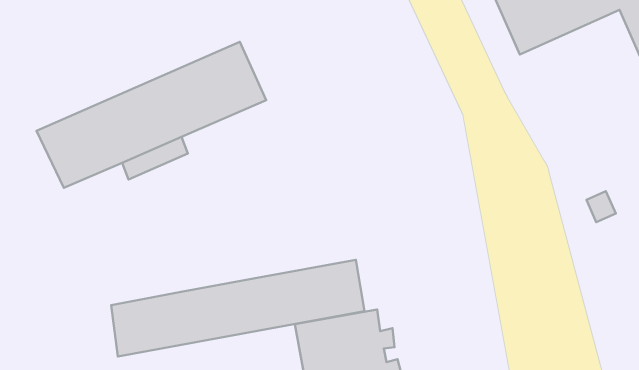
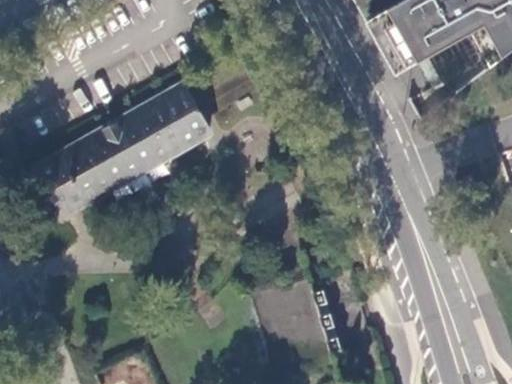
building: [111,260,364,357] -> none

